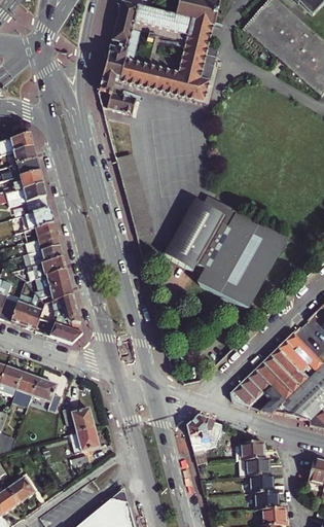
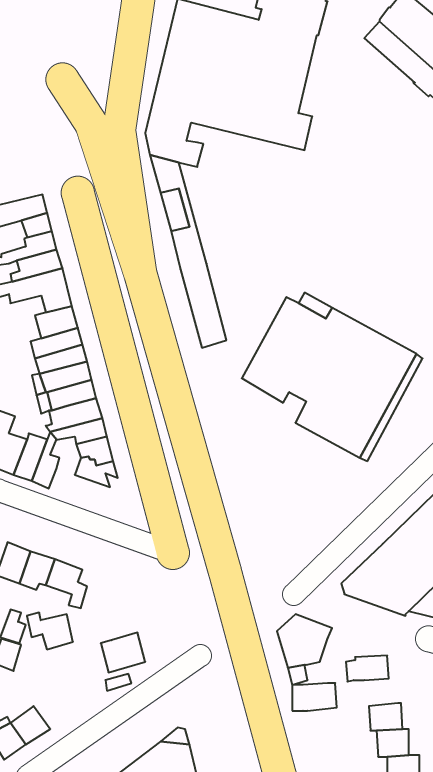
building: [44,318,82,341] -> none
building: [63,406,94,430] -> [27,613,73,649]
building: [239,456,268,475] -> [292,683,337,711]

